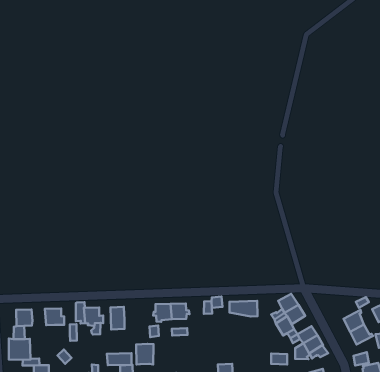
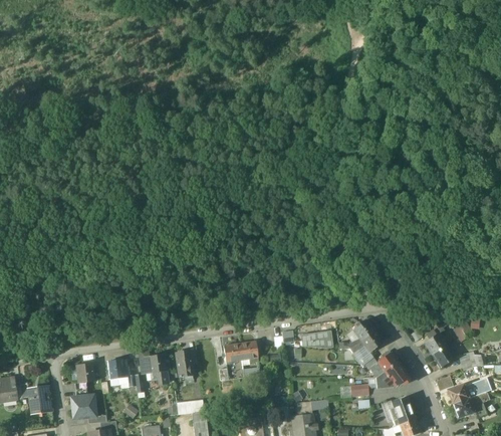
building: [136,344,154,365] -> none

